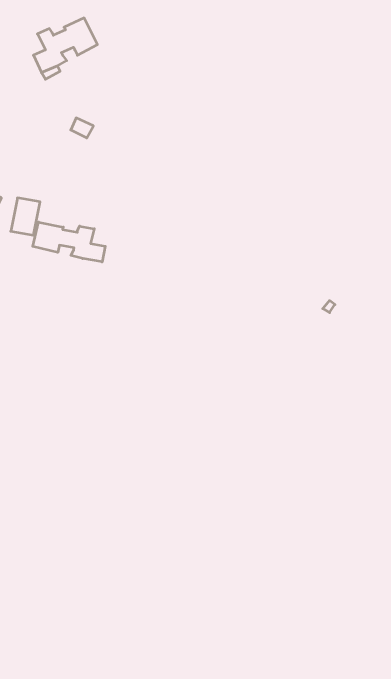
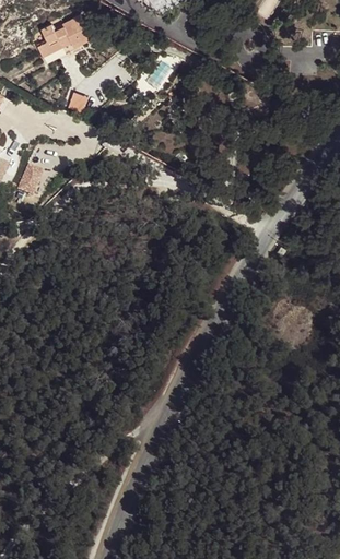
building: [33,222,105,262] -> none

